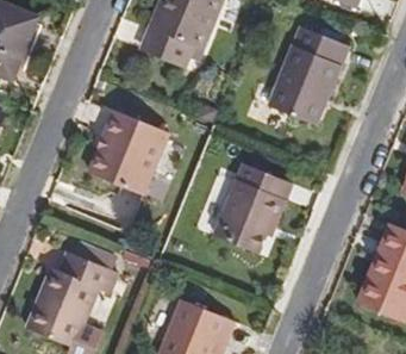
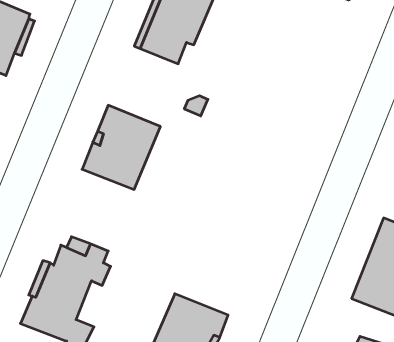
building: [267,25,348,125] -> none
building: [213,162,292,254] -> none

